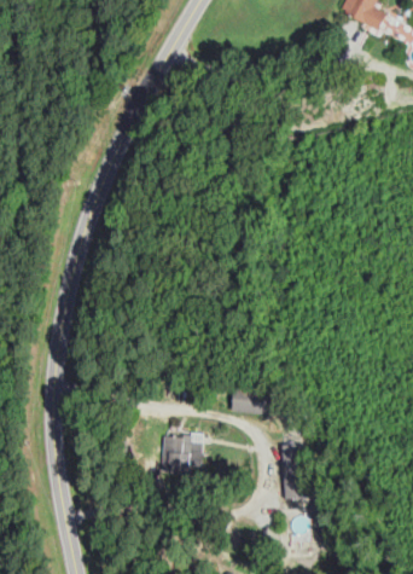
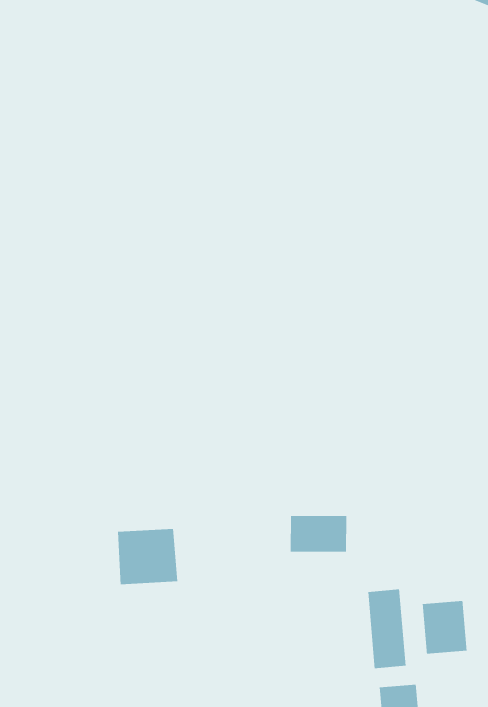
building: [161,434,202,472] -> [117,528,178,585]
building: none -> [422,600,467,655]

